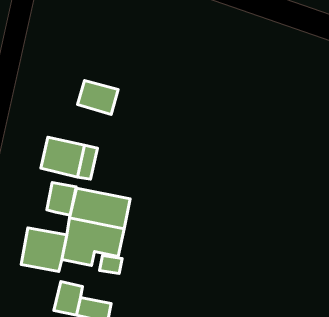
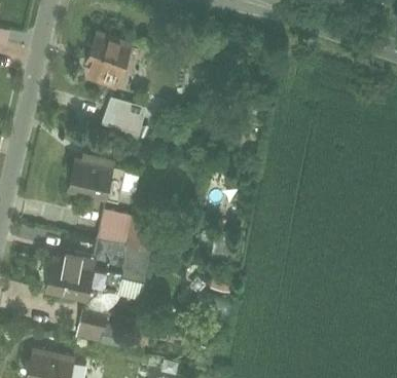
building: none -> [84,31,131,89]
building: [47,183,76,215] -> none

